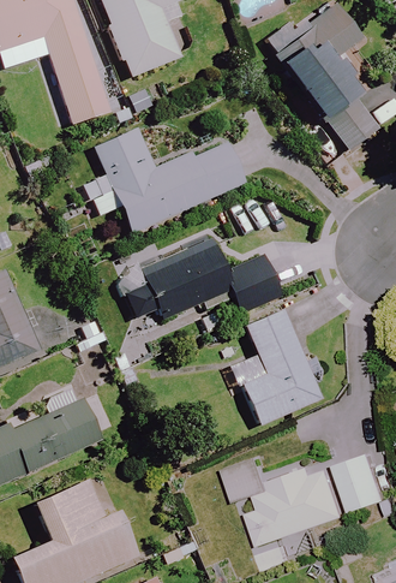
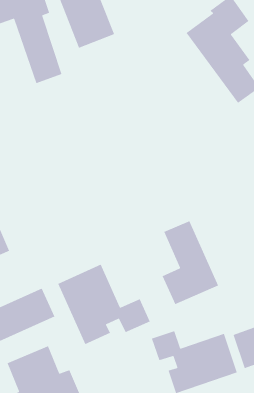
building: [96,126,245,231] -> none
building: [120,238,283,317] -> none
building: none -> [57,264,151,345]

